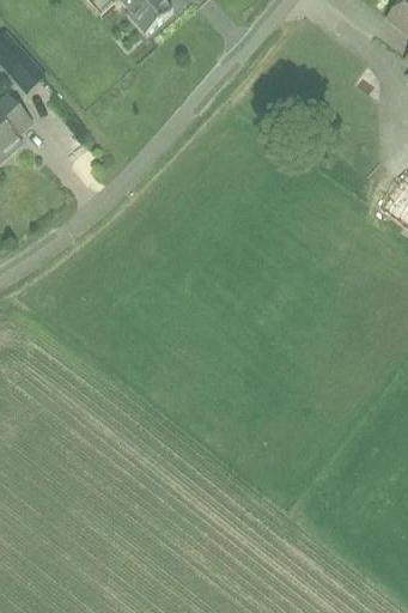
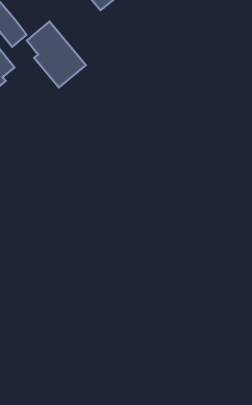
building: none -> [27,21,86,88]

